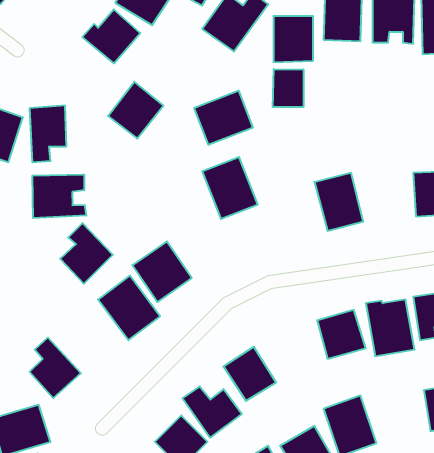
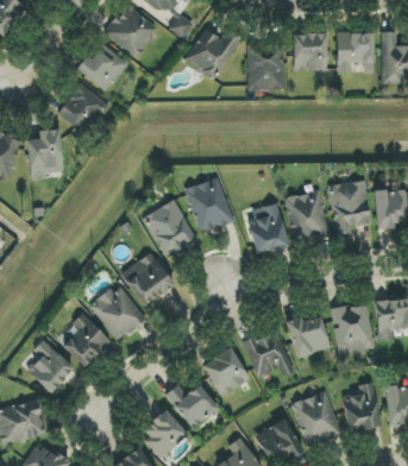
building: [273,69,303,107] -> none
building: [108,82,163,139] -> [57,83,107,134]
building: [194,91,253,145] -> none
building: none -> [328,181,370,234]
building: [32,174,86,218] -> none
building: none -> [142,200,196,257]
building: none -> [247,203,288,254]
building: [60,223,113,284] -> [62,313,109,367]
building: none -> [243,334,294,377]
building: none -> [341,382,382,433]

